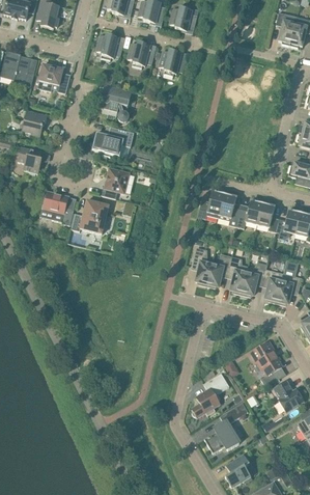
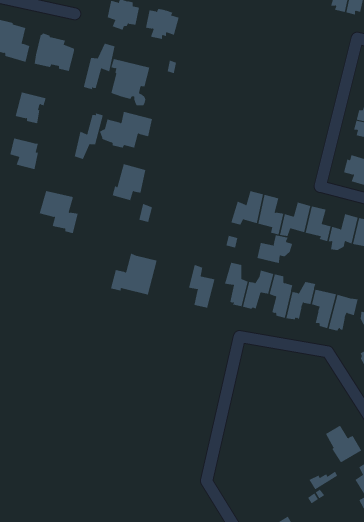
building: [159,50,187,76] -> none
building: none -> [83,43,115,90]
building: none -> [74,113,103,160]
building: [71,199,109,233] -> [110,253,157,295]
building: none -> [257,234,293,264]
building: none -> [189,264,215,308]
building: [251,341,282,386] -> none
building: [192,373,229,417] -> none
building: [204,407,239,452] -> none

